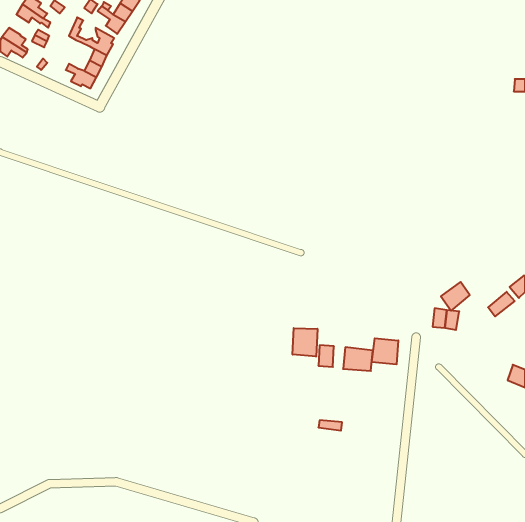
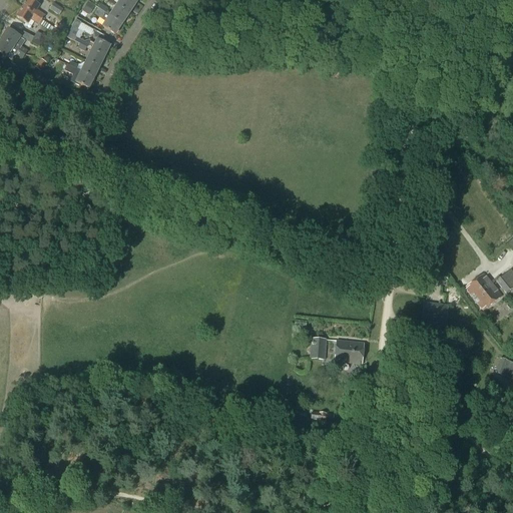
building: [441,282,470,311] -> [466,272,494,300]
building: [293,328,317,357] -> none
building: [372,338,398,364] -> none

